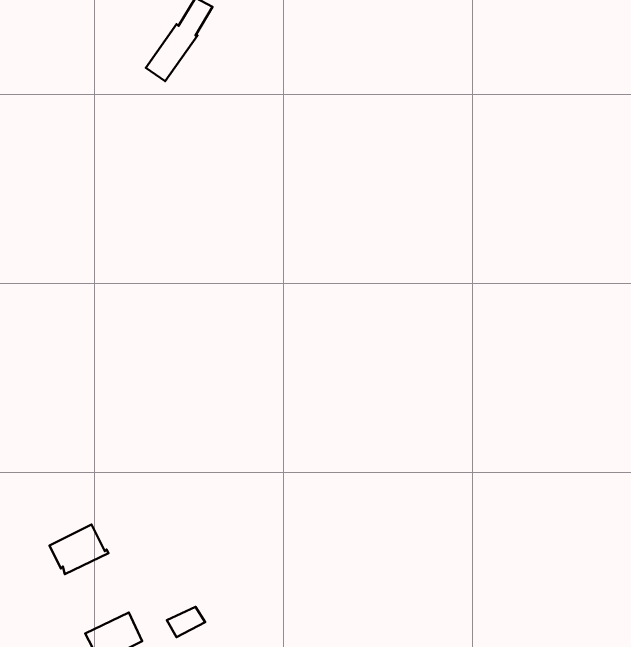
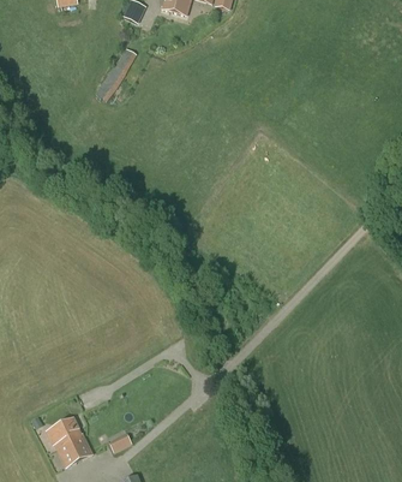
building: [49,525,108,574] -> [46,417,83,448]

